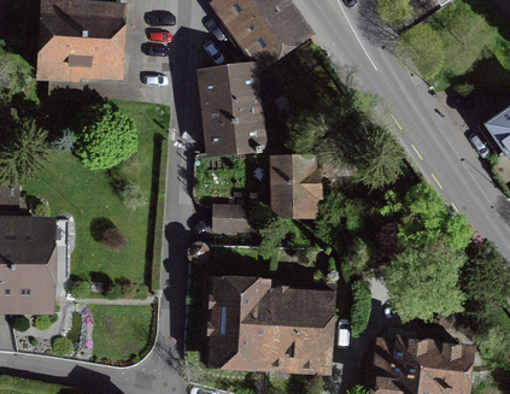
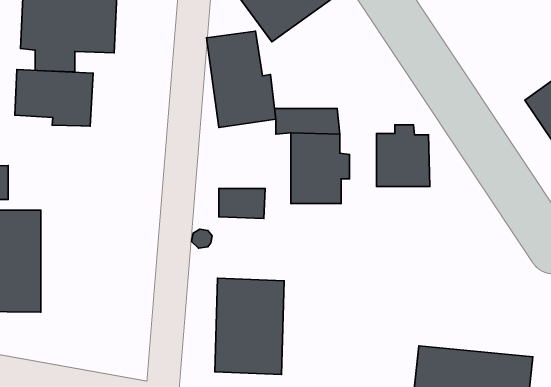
building: none -> [15,70,93,126]
building: none -> [377,125,430,186]
building: [265,284,340,370] -> none

